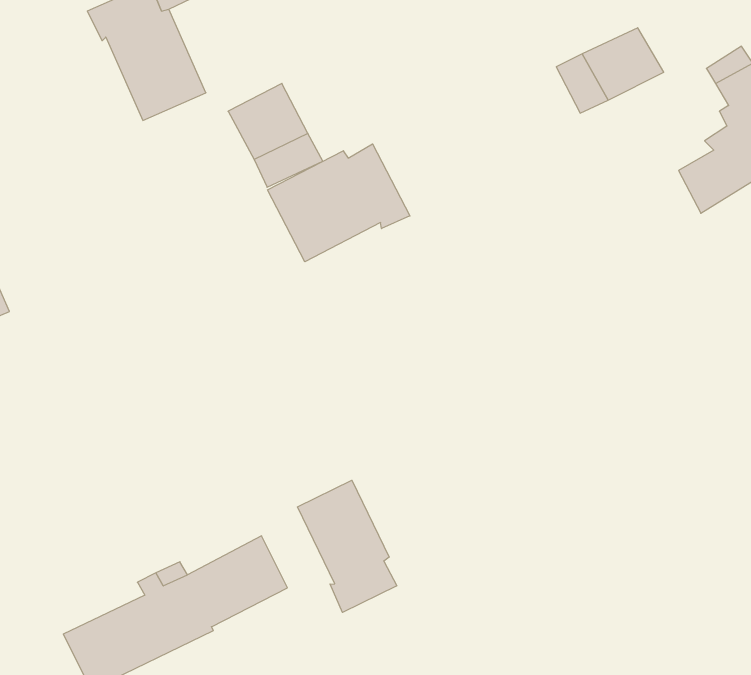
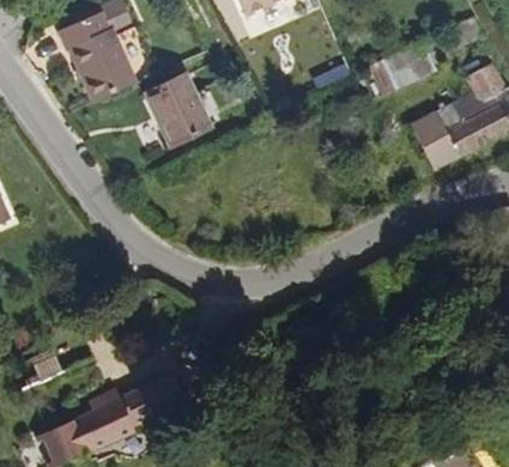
building: none -> [412,93,472,169]
building: [268,144,410,262] -> none
building: [298,480,397,612] -> none

